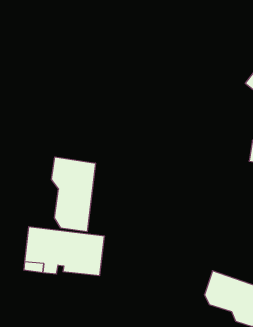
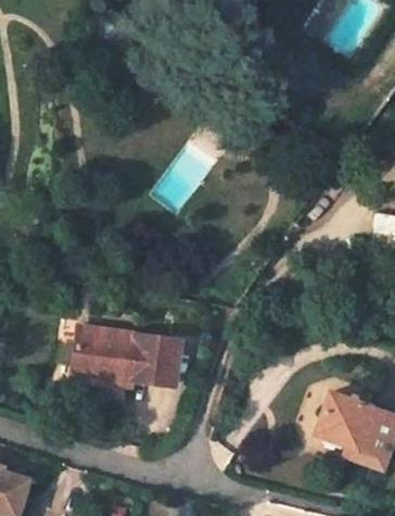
building: [52,157,95,232] -> none

